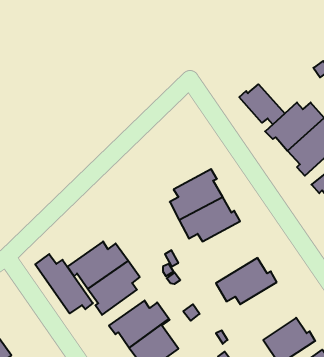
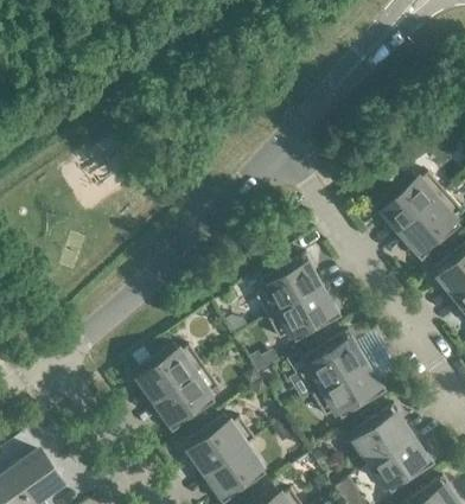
building: [239,84,285,124] -> none
building: none -> [298,331,362,395]
building: [35,254,93,313] -> none
building: none -> [349,404,409,465]

